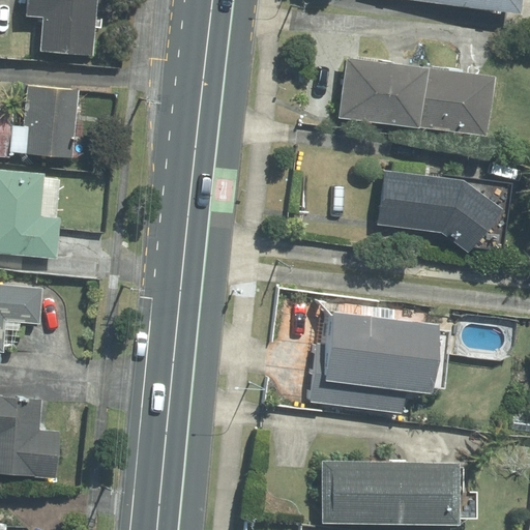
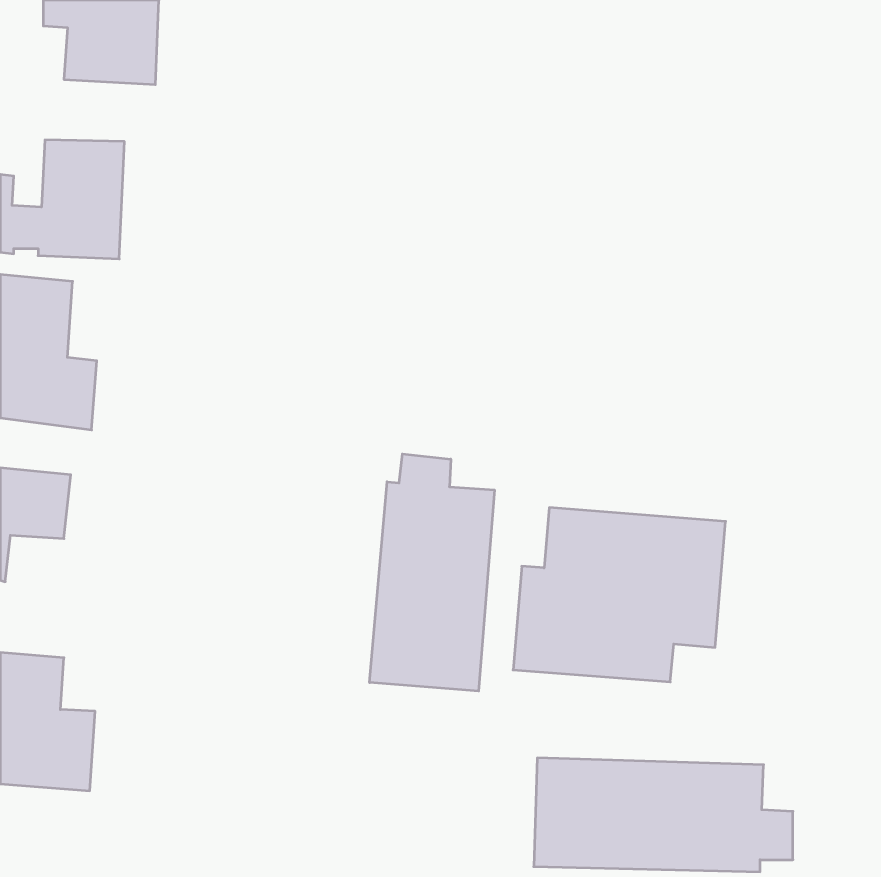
building: [338,60,492,134] -> none
building: [377,169,500,253] -> none
building: none -> [370,454,494,691]

